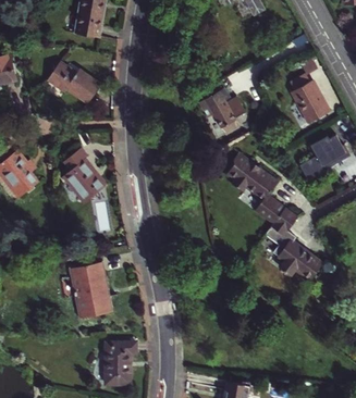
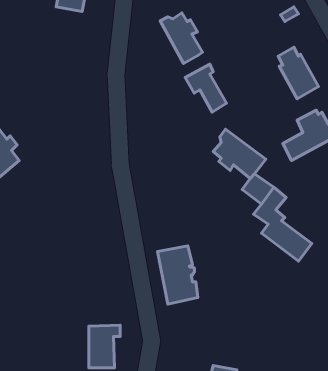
building: none -> [160,13,202,64]
building: [48,62,101,103] -> none
building: [62,148,106,202] -> none
building: [71,262,110,319] -> [158,246,198,304]

